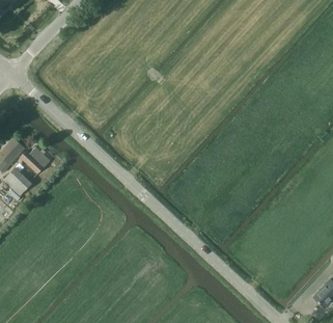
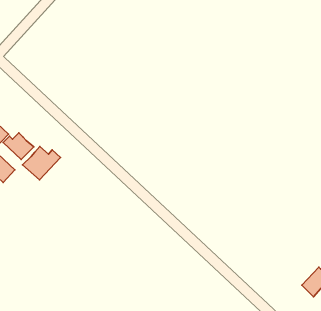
building: none -> [22,147,61,180]

